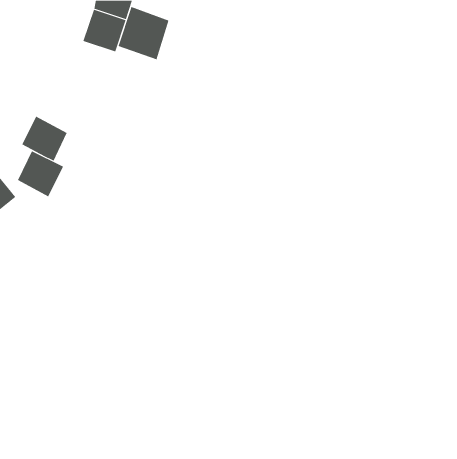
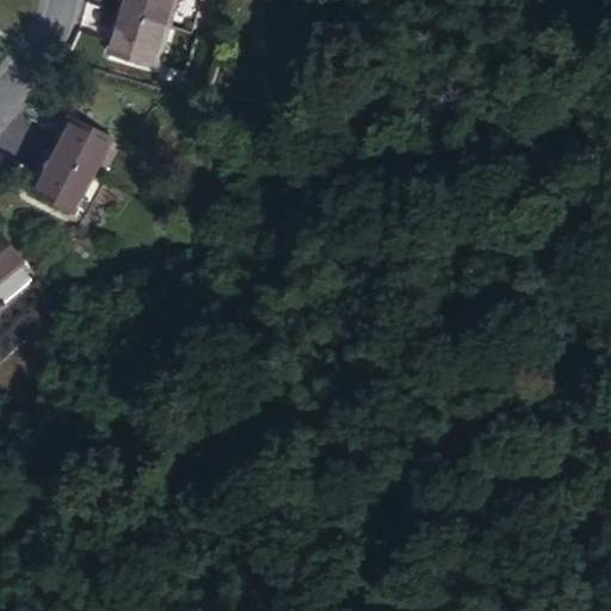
building: [118,6,169,60] -> none
building: [17,150,64,197] -> [48,115,110,177]

